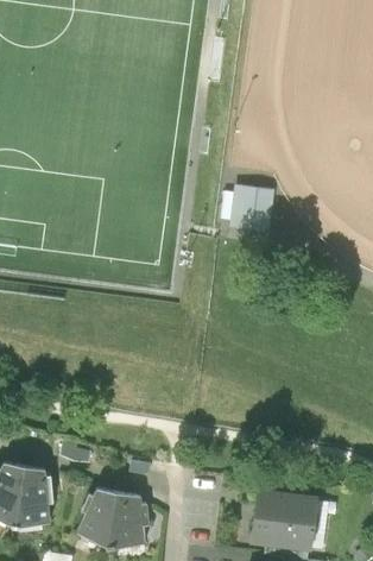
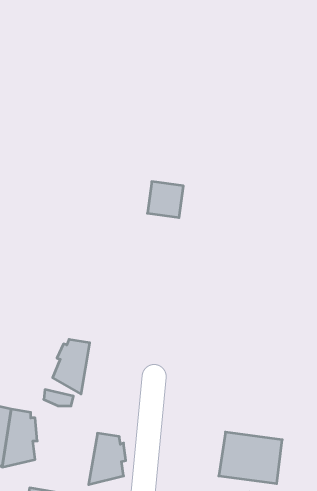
building: [230,189,270,228] -> [147,182,183,218]
building: [77,490,118,549] -> [53,339,90,394]

